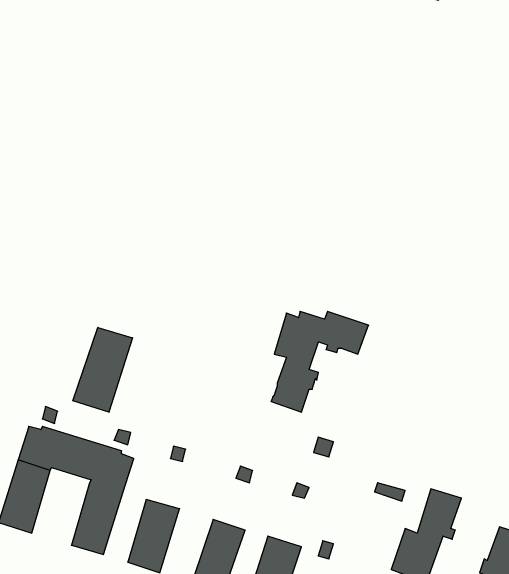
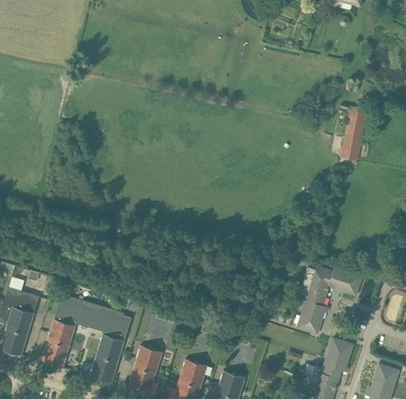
building: none -> [340,106,367,160]
building: [271,311,369,412] -> [297,266,363,334]
building: [73,327,133,412] -> none

